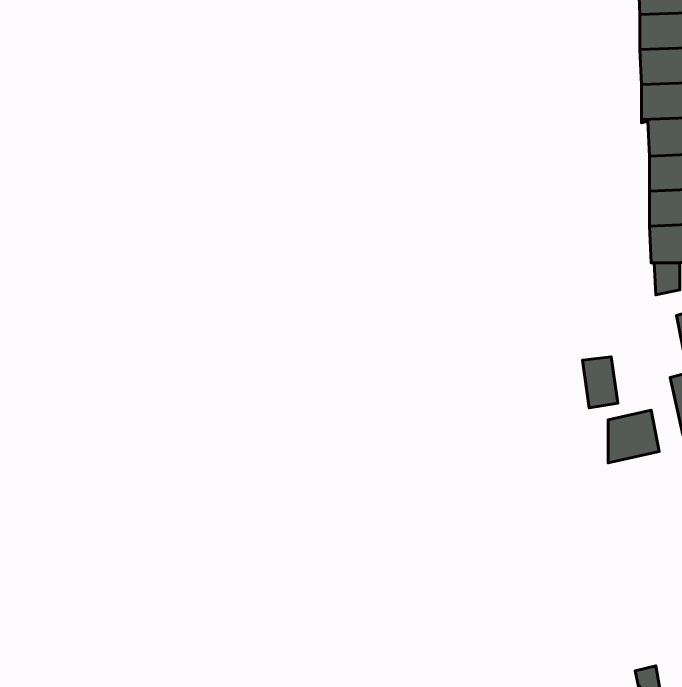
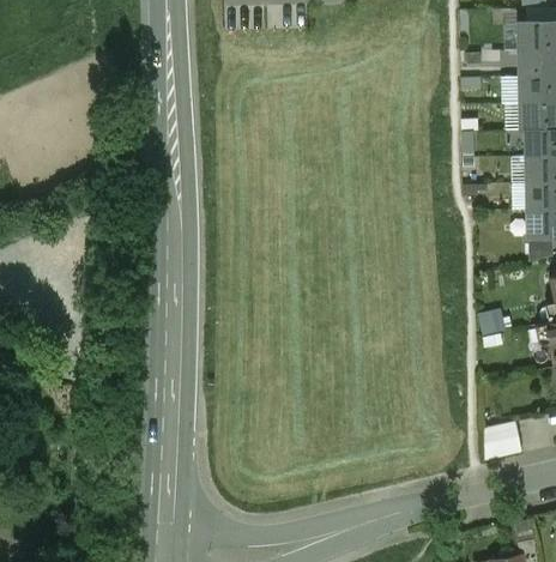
building: [608,410,659,463] -> [482,421,520,460]

